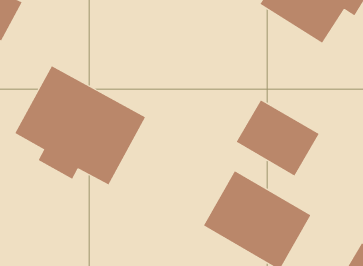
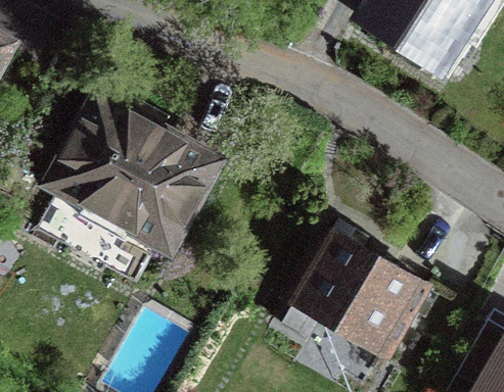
building: [236,99,319,176] -> none

